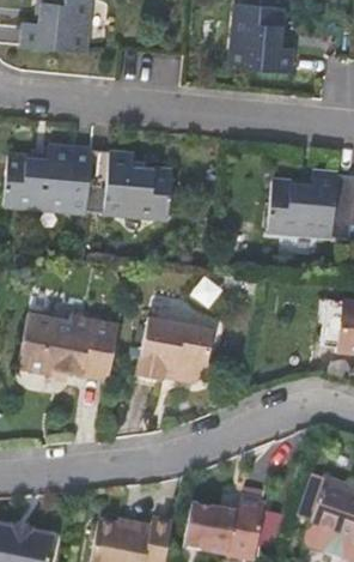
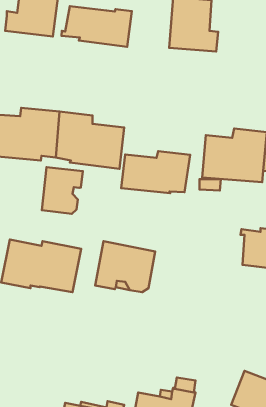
building: none -> [61,6,132,47]
building: none -> [121,151,190,193]
building: none -> [42,167,83,214]

